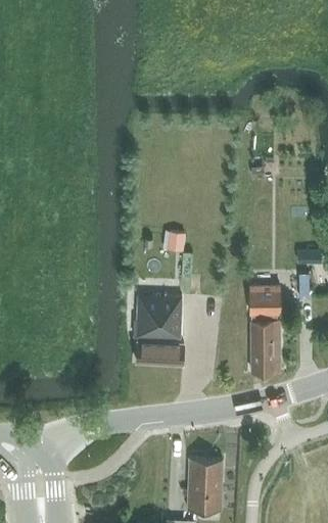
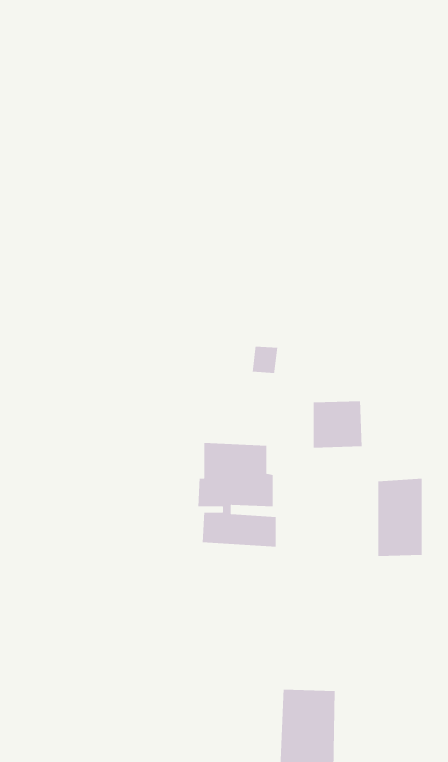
building: [248,285,281,317] -> [313,400,363,449]

